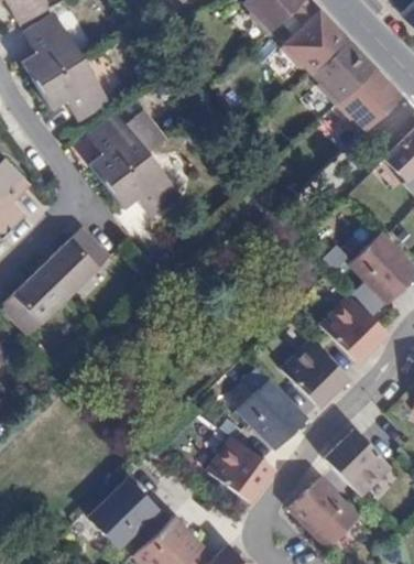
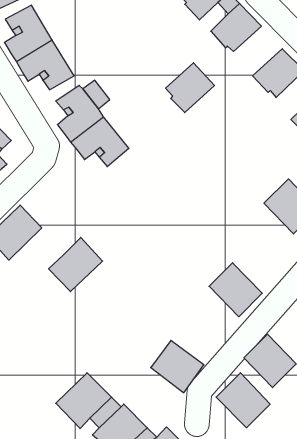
building: [312,41,373,104] -> [166,63,214,113]
building: [42,227,110,295] -> [49,237,103,292]
building: [319,295,386,362] -> none
building: [237,379,306,448] -> none

